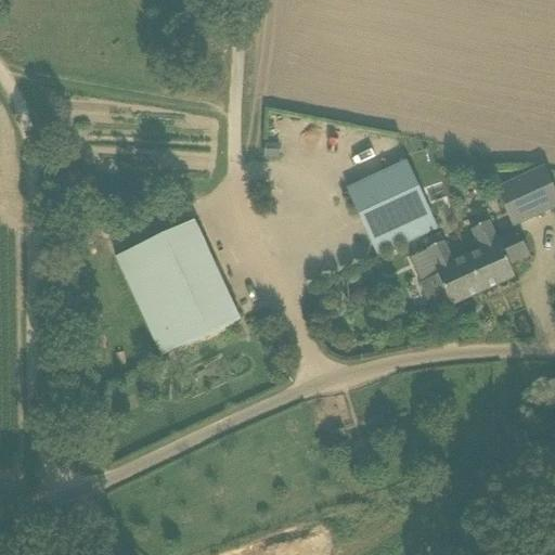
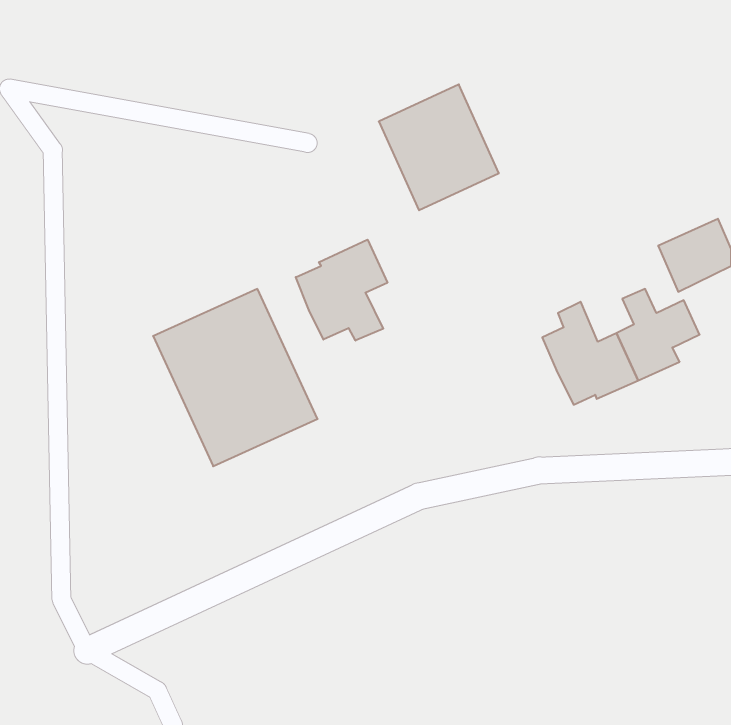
building: [347,158,438,254] -> [379,84,499,210]
building: none -> [296,240,387,341]

